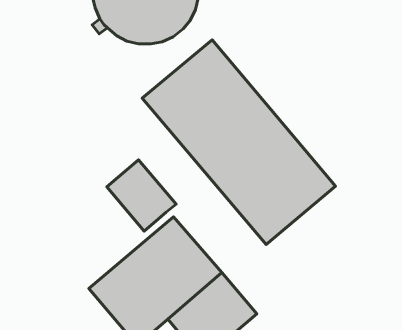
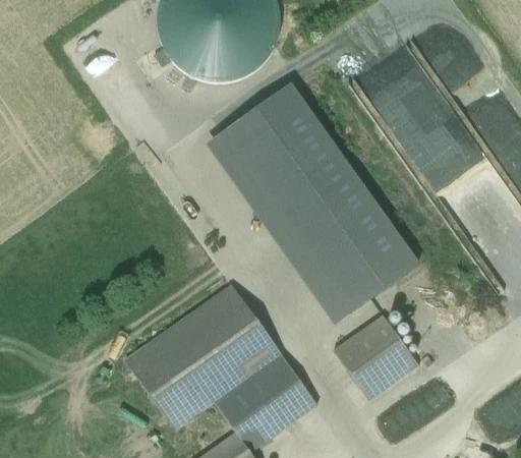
building: [107,160,176,231] -> none
building: none -> [333,316,418,401]

